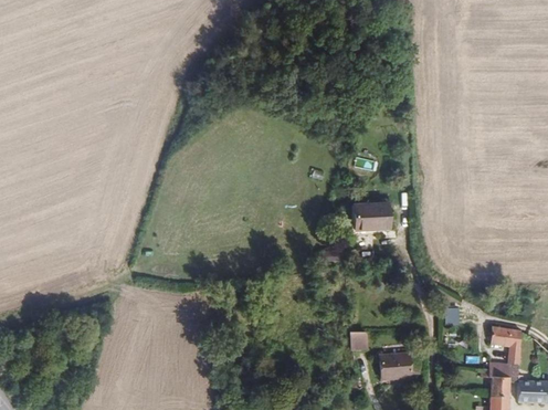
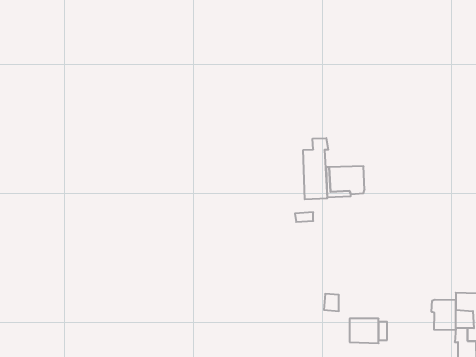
building: none -> [303,138,328,199]
building: none -> [432,300,456,330]

